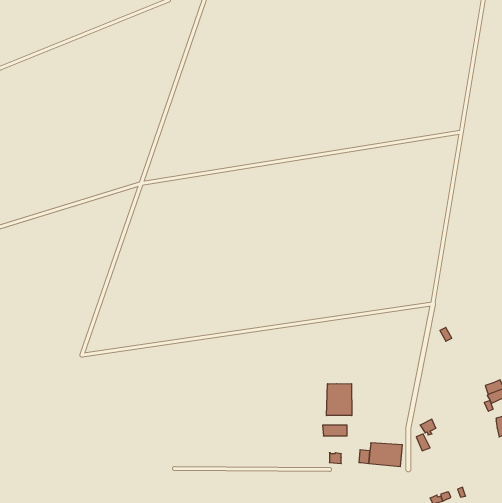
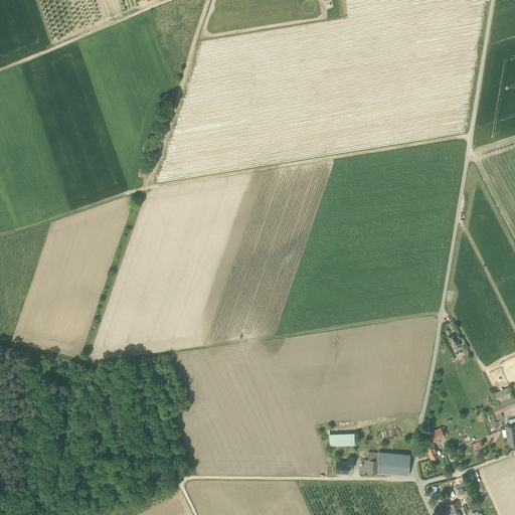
building: [327,384,352,416] -> none

